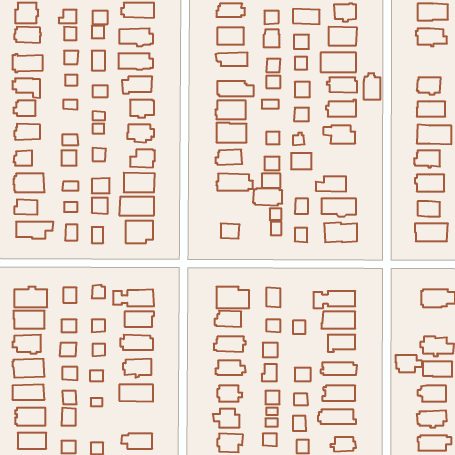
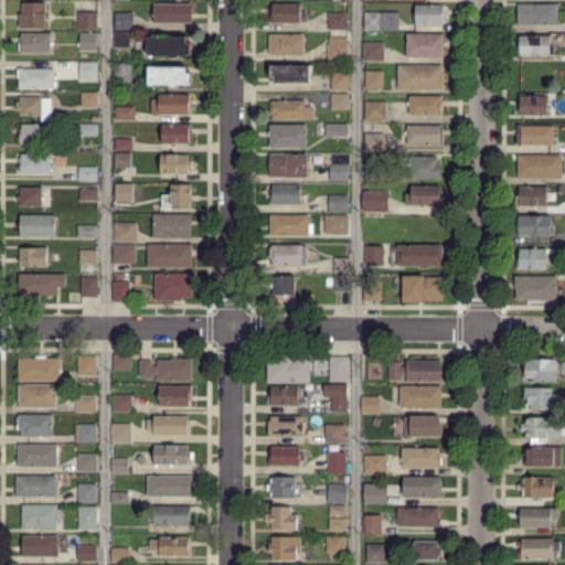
building: [364,73,380,100] -> none
building: [316,176,346,192] -> [401,186,438,205]
building: [253,188,282,205] -> [269,245,306,266]
building: [395,355,422,372] -> [526,388,559,409]
building: none -> [146,507,189,525]

